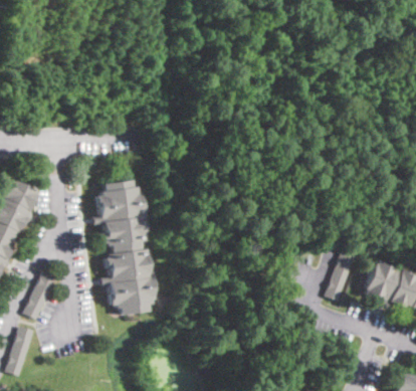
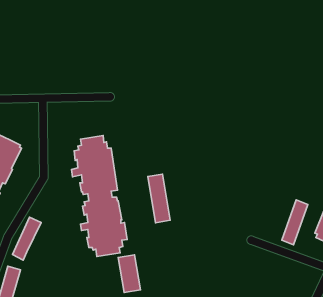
building: none -> [148,174,170,223]
building: none -> [118,255,140,293]

